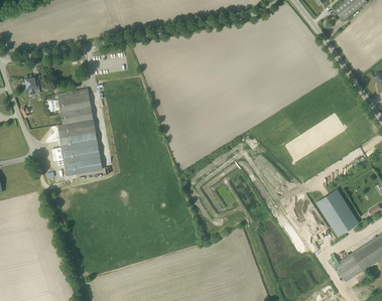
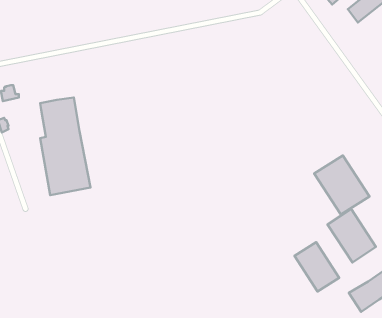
building: none -> [314,156,370,215]
building: none -> [294,242,339,292]

